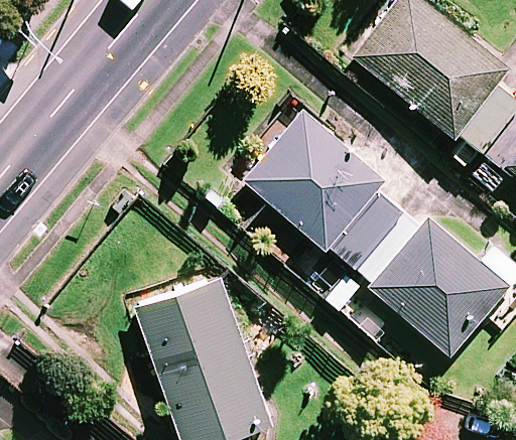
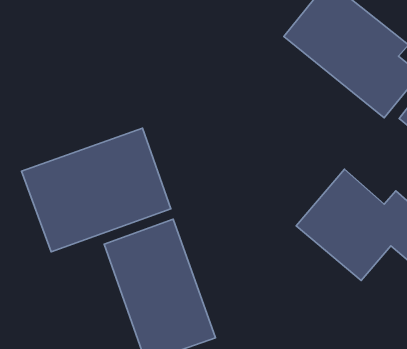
building: [245,114,402,272] -> none
building: none -> [22,128,171,252]

